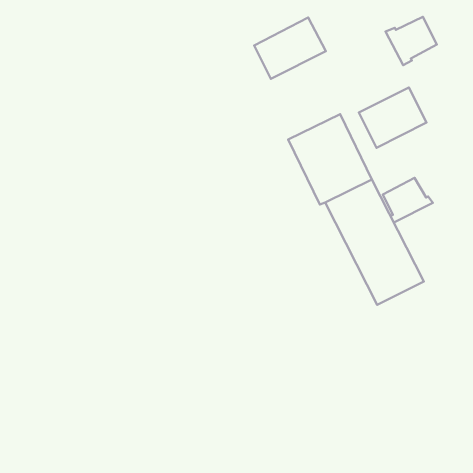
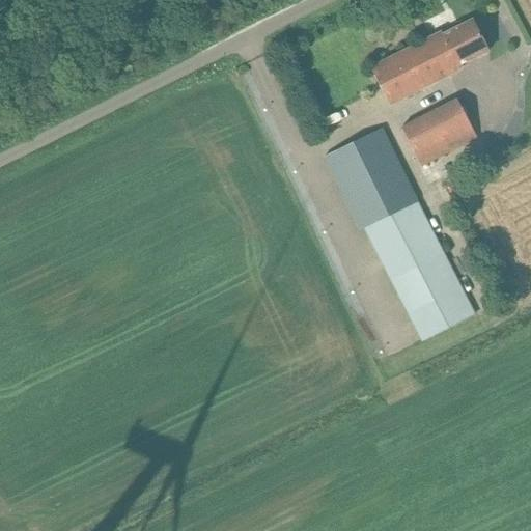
building: [254,18,326,79] -> [372,35,452,104]
building: [383,178,433,223] -> none

